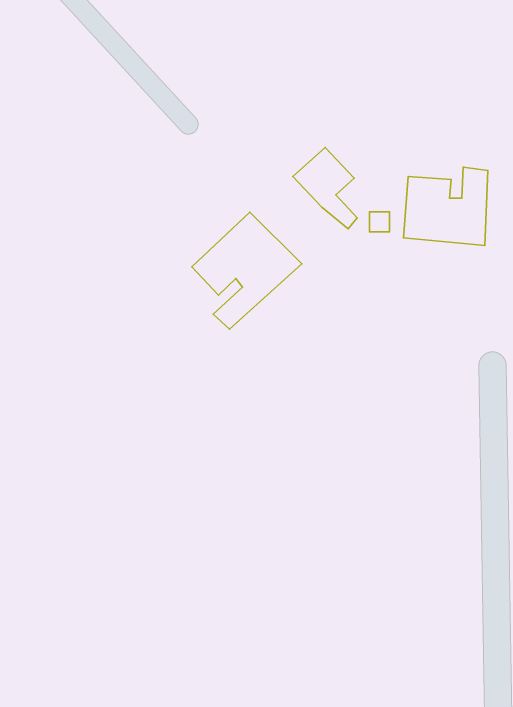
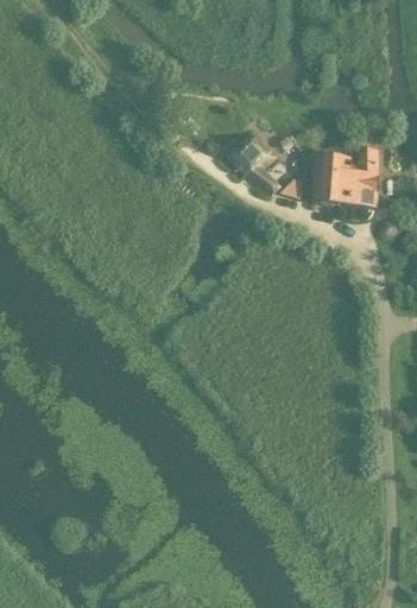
building: [192,212,302,329] -> none

